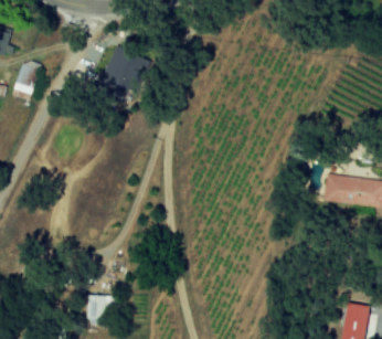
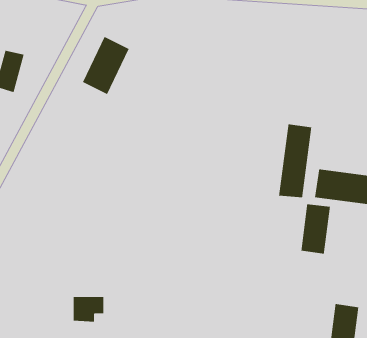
building: none -> [278,123,312,198]
building: none -> [301,204,331,255]

